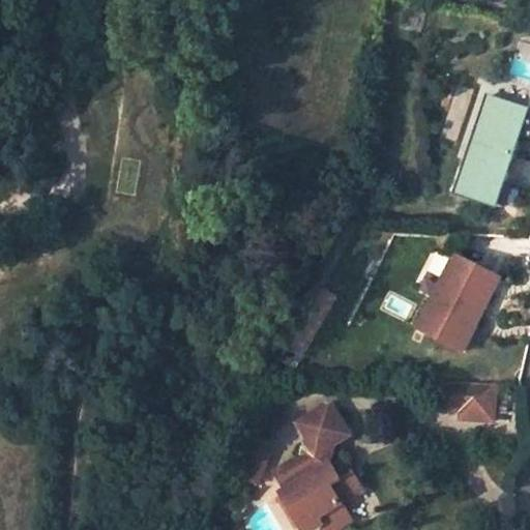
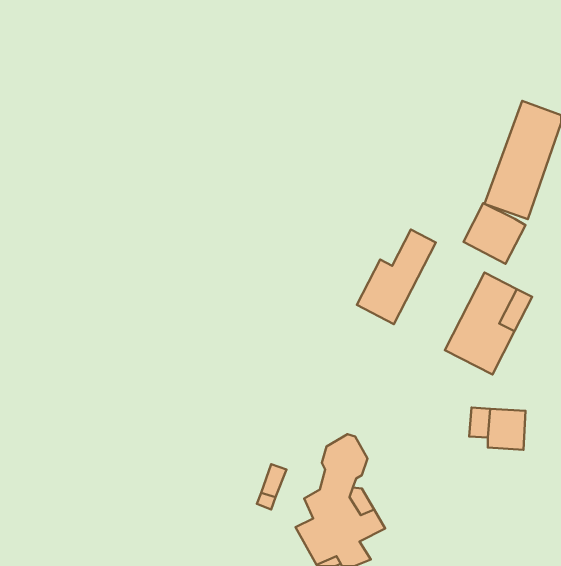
building: none -> [463,203,525,264]
building: none -> [357,230,436,324]

